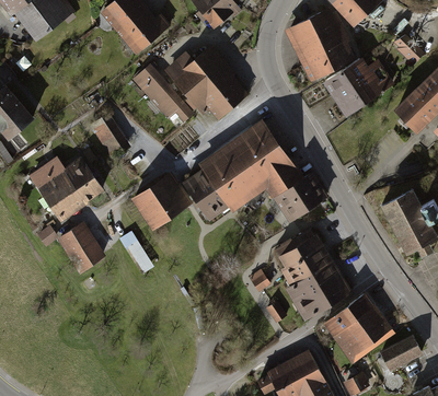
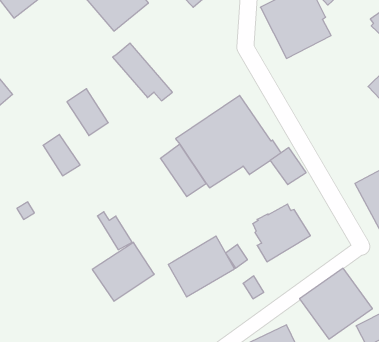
building: [165,47,250,121] -> none
building: [322,58,394,118] -> none
building: [32,160,84,217] -> none
building: [130,172,193,231] -> [92,242,154,301]
building: [274,185,311,223] -> none
building: [59,221,105,270] -> none
building: [286,260,353,322] -> [168,236,234,297]

